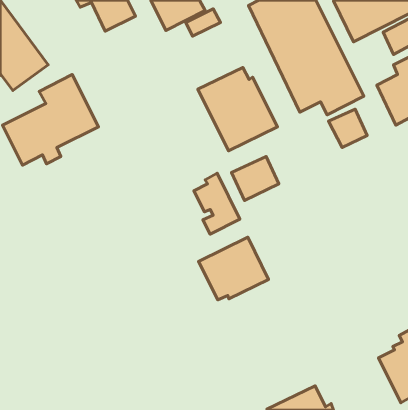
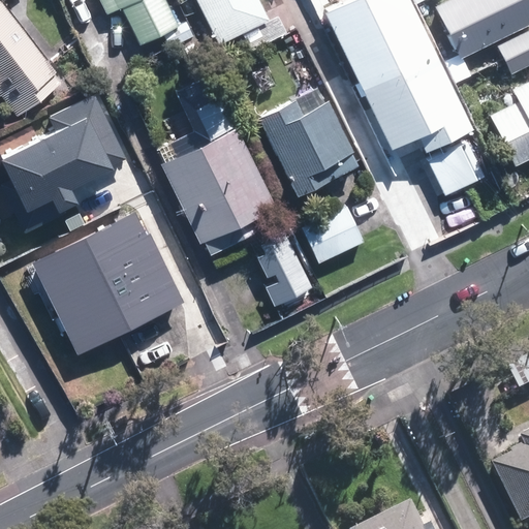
building: none -> [163,92,272,239]
building: none -> [32,237,178,376]
building: [199,237,269,300] -> none

